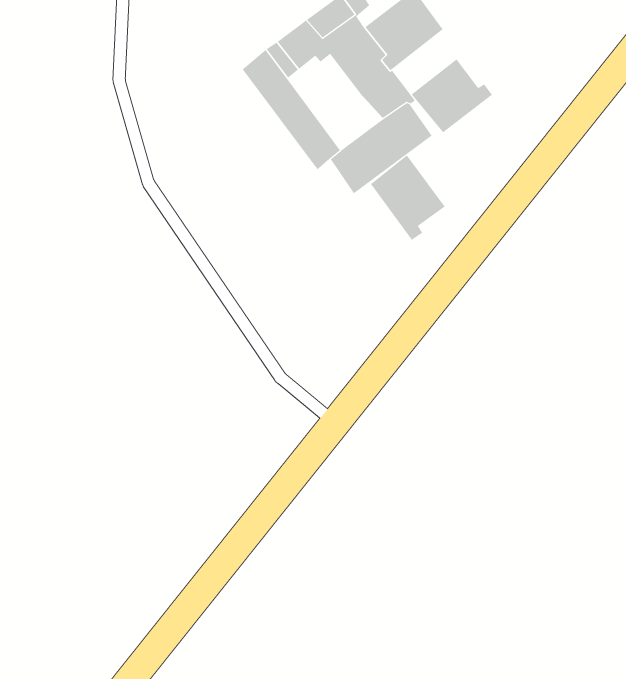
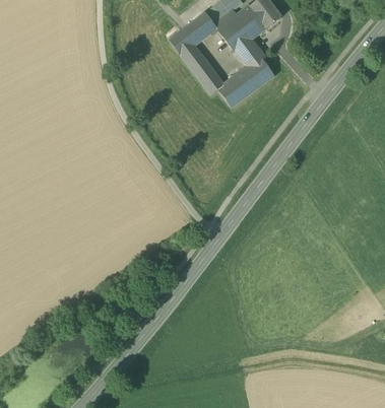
building: [411,59,493,133] -> none
building: [370,154,446,241] -> none

